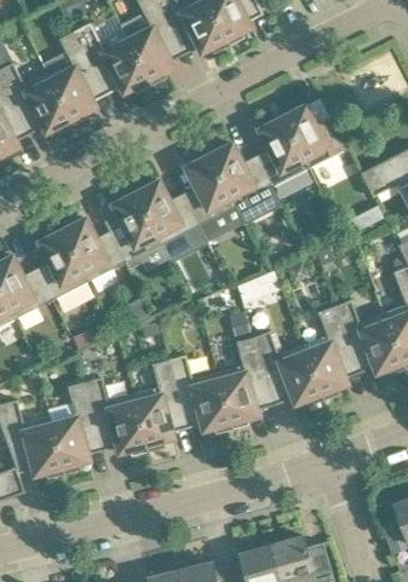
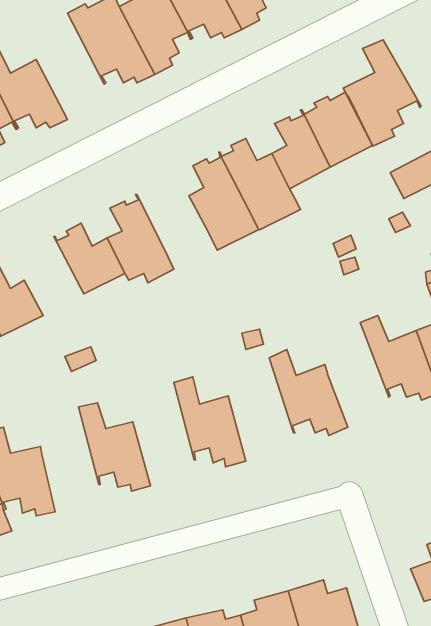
building: [46,31,107,126] -> none
building: none -> [343,40,421,146]
building: [136,180,199,264] -> none
building: [35,230,88,300] -> none
building: [305,306,360,399] -> none
building: [217,338,275,430] -> none
building: [132,359,186,451] -> none
building: [51,381,102,474] -> none

